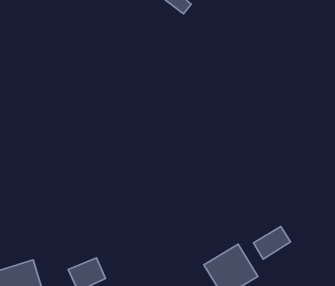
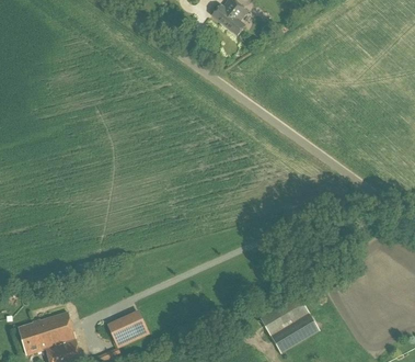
building: [253,227,291,259] -> none

